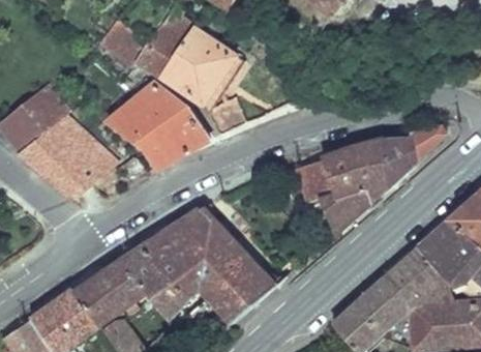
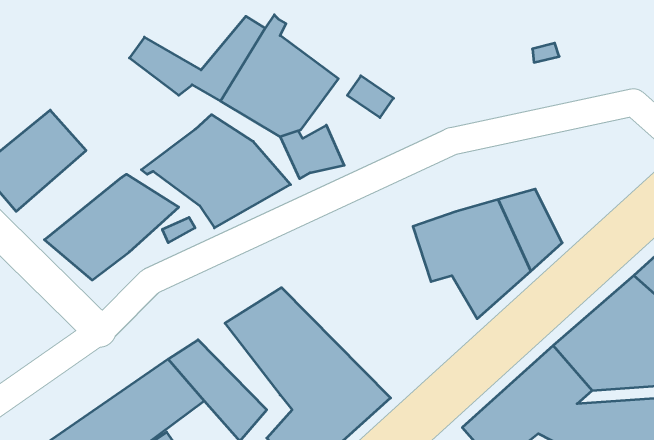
building: [18,112,93,177] -> none
building: [380,123,446,179] -> none
building: [146,235,203,295] -> none

